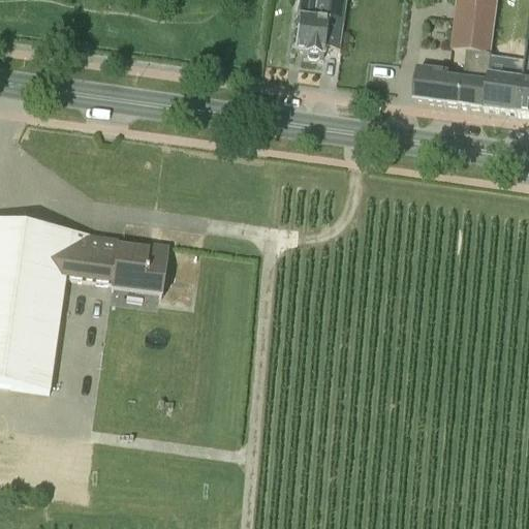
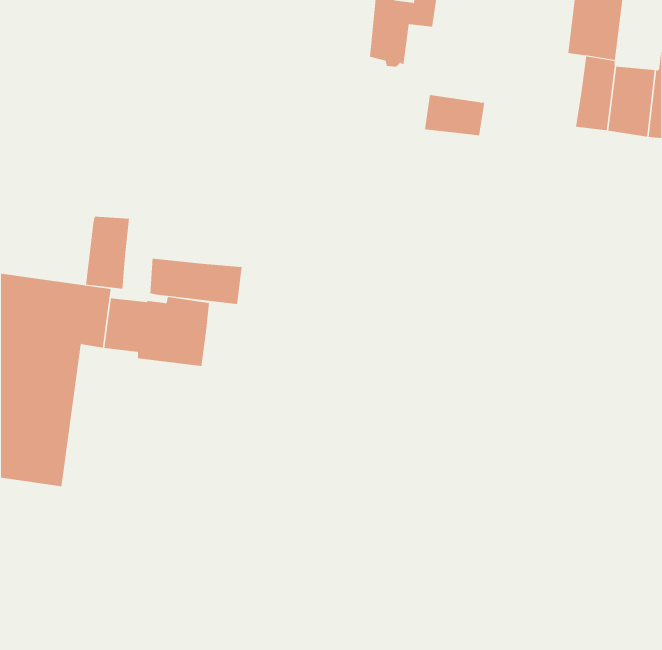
building: [414,68,463,101] -> [424,94,485,136]
building: none -> [85,216,129,290]
building: none -> [150,258,242,305]

